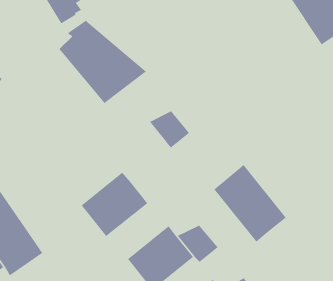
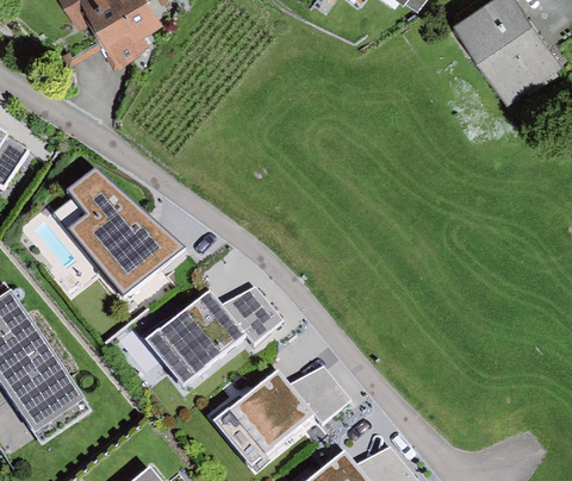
building: [59,20,147,104] -> [54,170,185,294]
building: [149,111,190,148] -> [222,288,282,344]
building: [213,164,287,243] -> none

